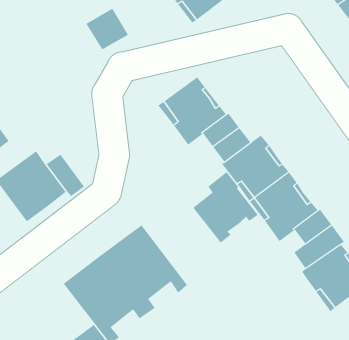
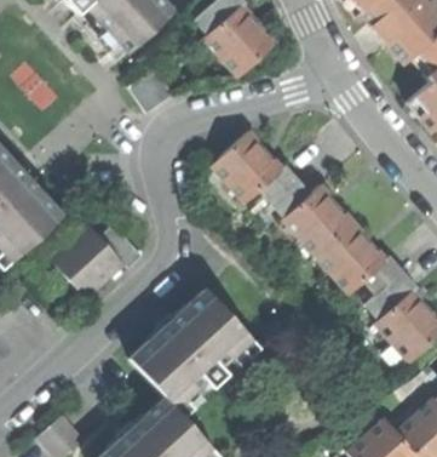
building: [193,171,259,244] -> none

